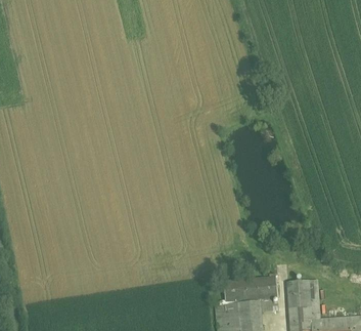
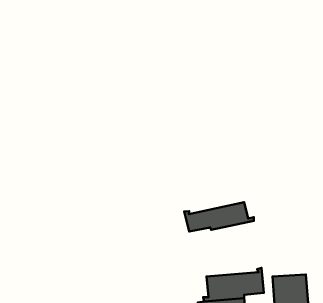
building: none -> [184,202,254,231]

